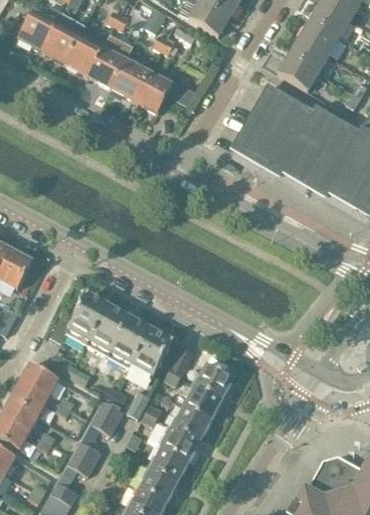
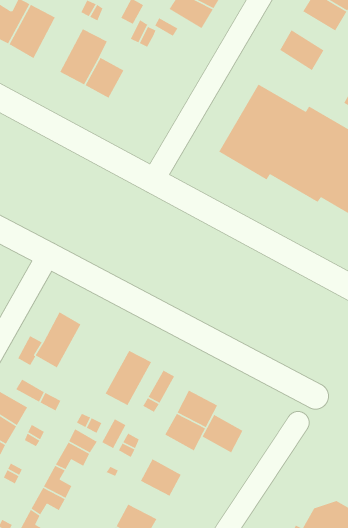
building: [299,20,339,55] -> none
building: [64,27,107,75] -> none
building: [276,55,318,91] -> none
building: [133,73,171,113] -> none
building: [85,305,151,368] -> none
building: [172,405,210,442] -> [202,414,244,454]
building: [150,448,188,482] -> none

